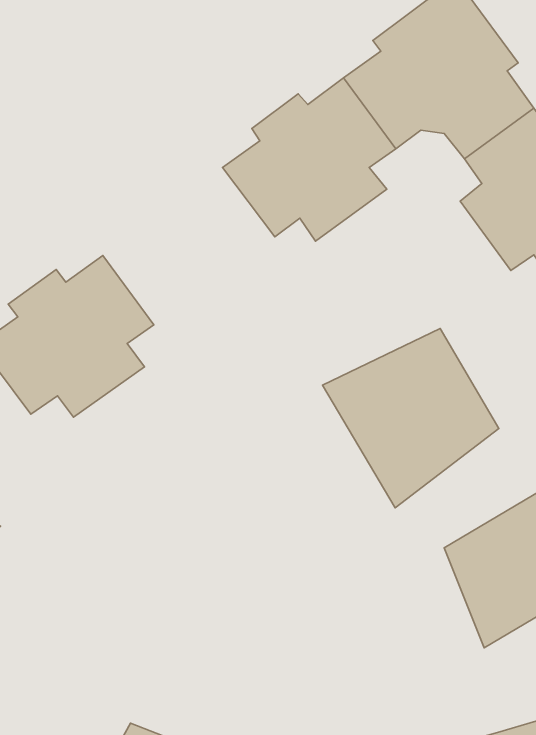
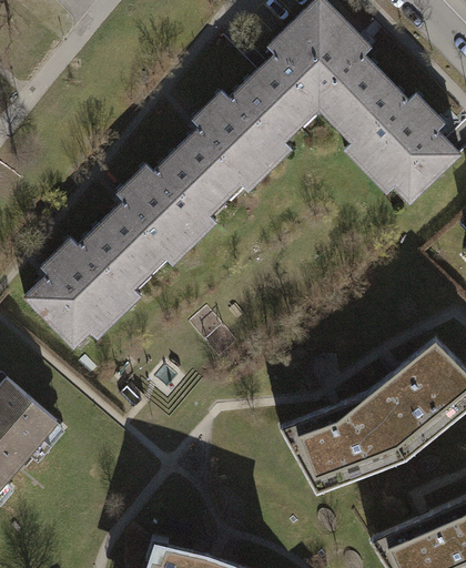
building: none -> [102,150,220,266]
building: [323,329,499,508] -> none
building: none -> [281,393,406,493]

